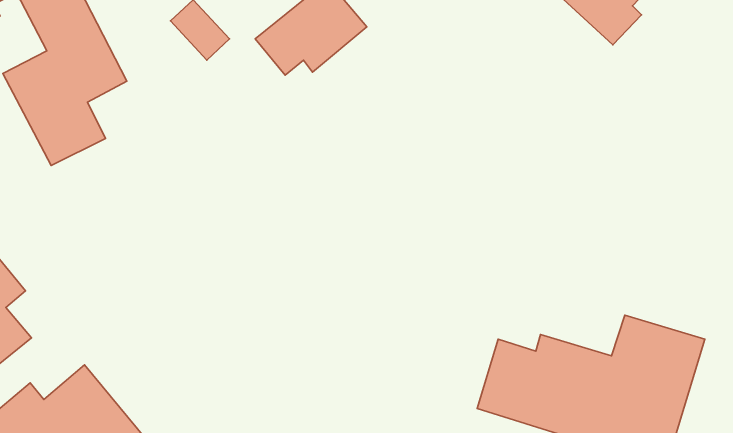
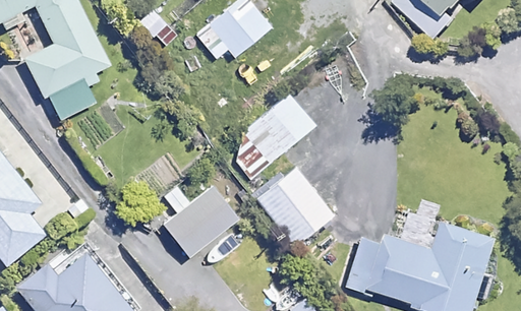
building: none -> [224,94,314,182]
building: none -> [257,168,333,246]
building: none -> [164,186,238,257]

